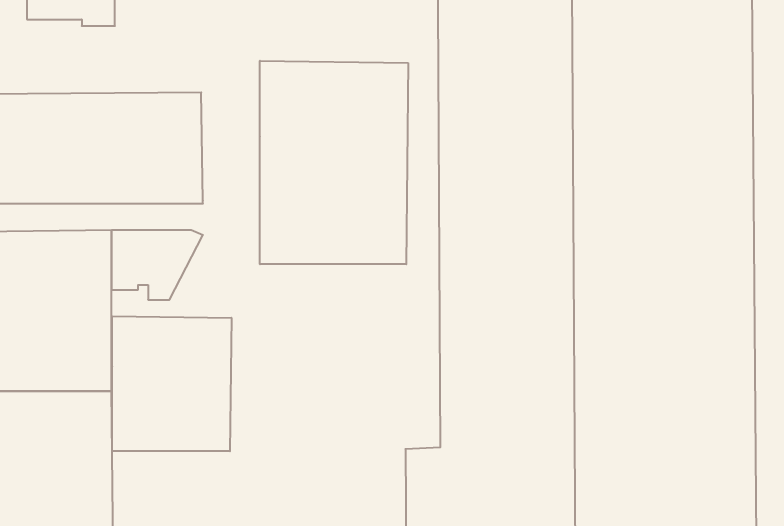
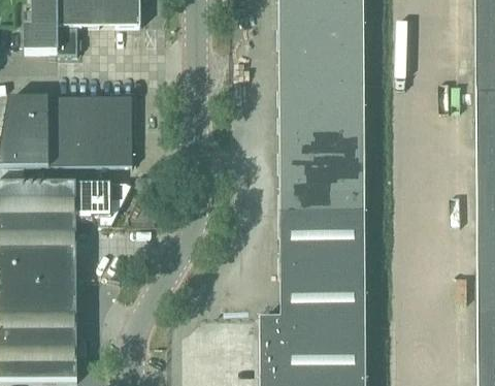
building: [260,61,408,264] -> none
building: [112,316,231,451] -> none

